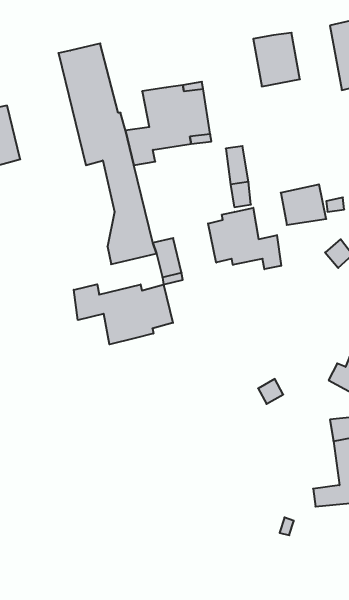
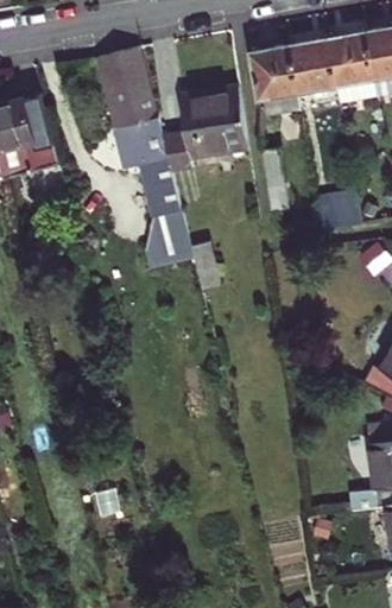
building: none -> [327,31,377,102]
building: none -> [249,44,299,113]
building: [208,208,281,269] -> none
building: [74,284,173,344] -> none

